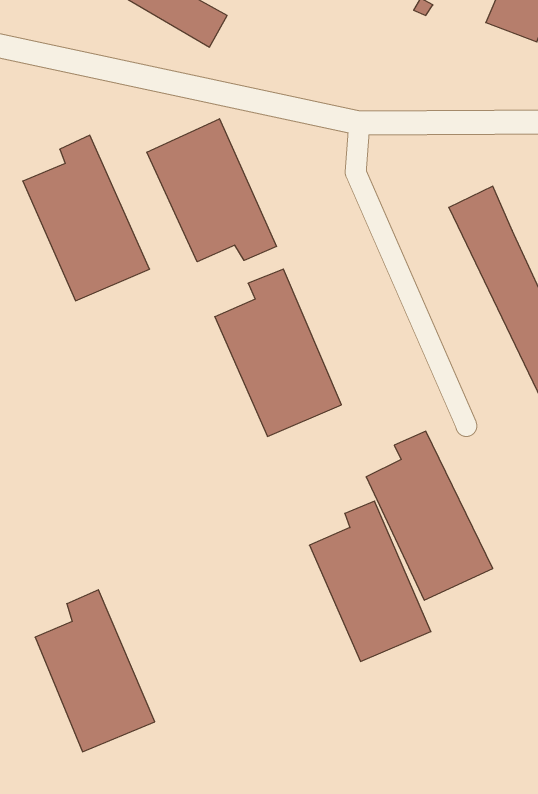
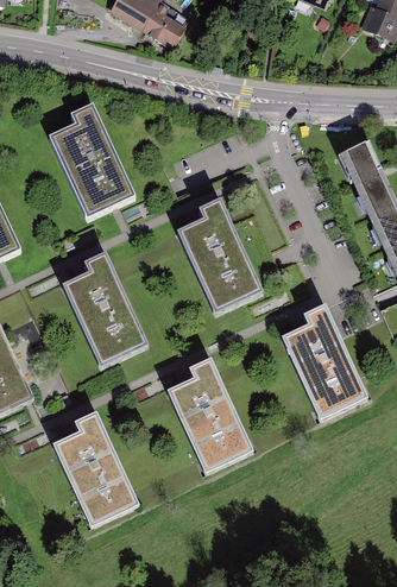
building: [147,119,277,262] -> none
building: none -> [59,251,144,362]
building: [309,501,431,661] -> [166,359,248,467]

